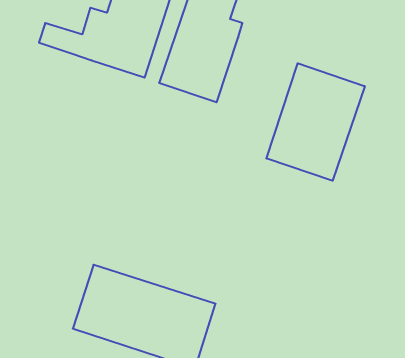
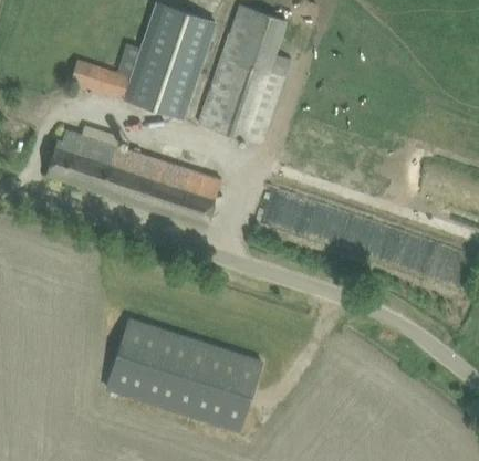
building: [266,63,365,181] -> none
building: none -> [45,125,220,228]

